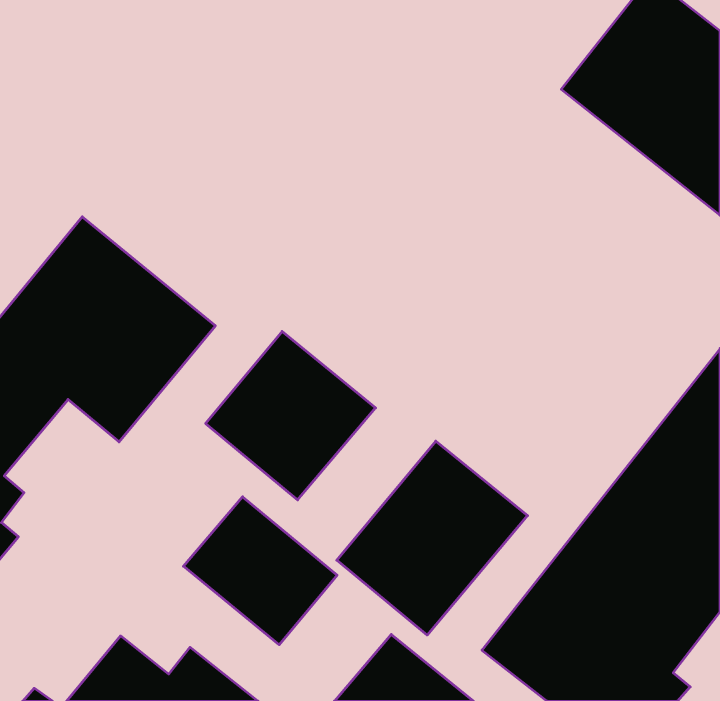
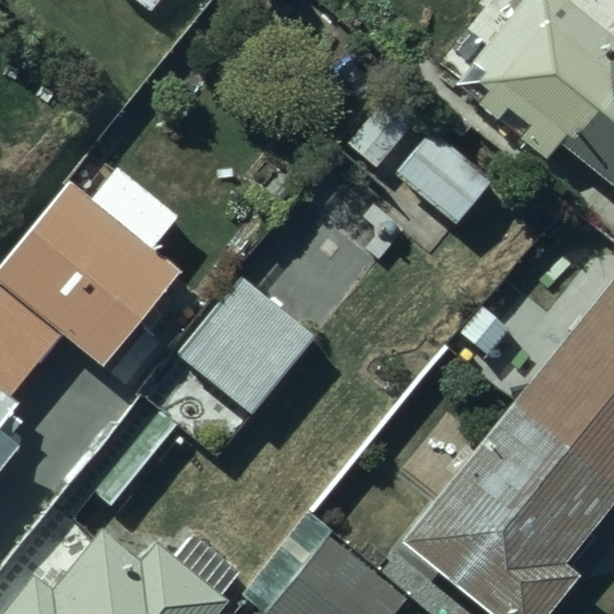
building: [337,441,528,635] -> none
building: [183,497,337,645] -> none

